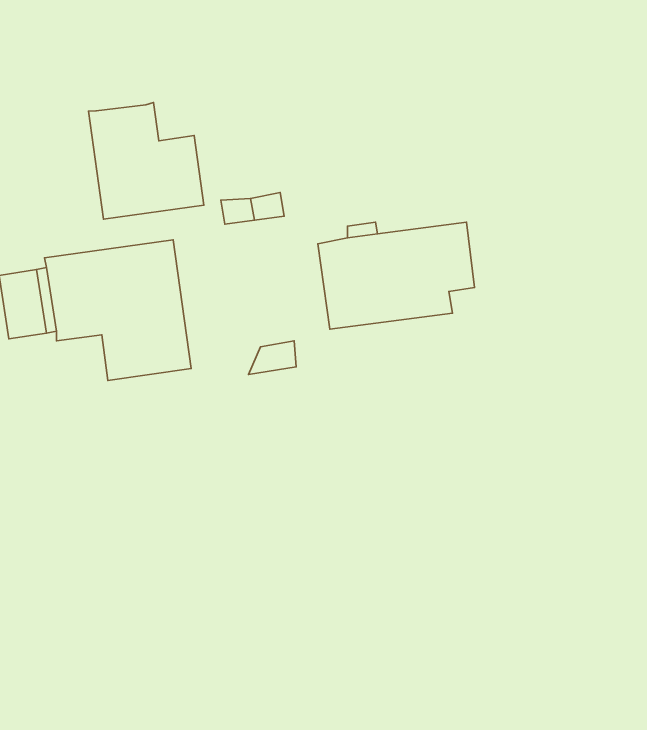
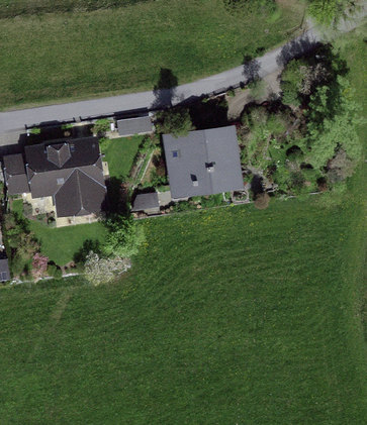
building: [88,103,204,219] -> none

